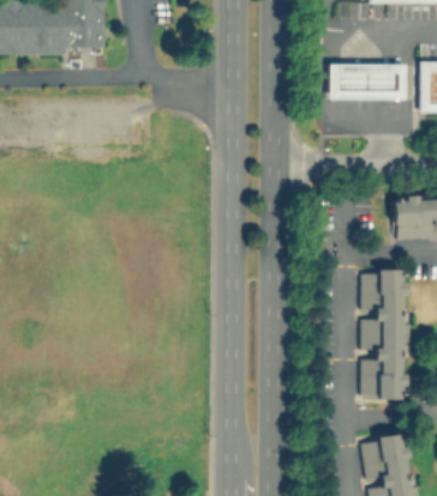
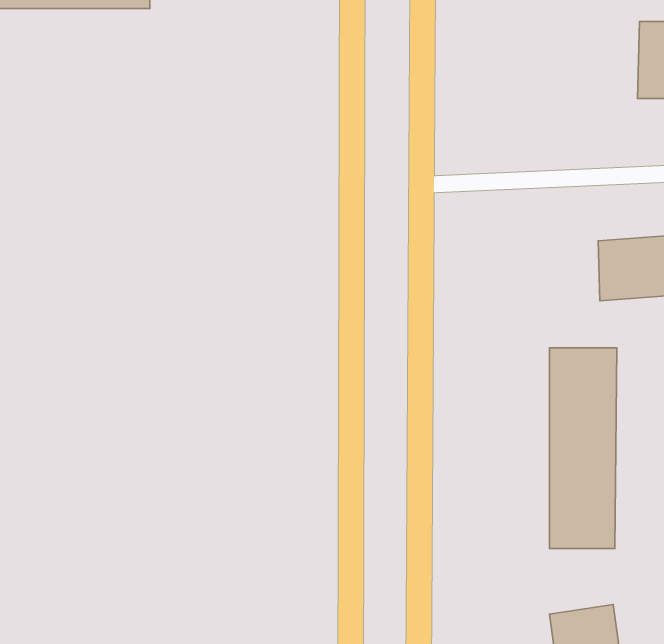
building: [327,65,402,99] -> none

